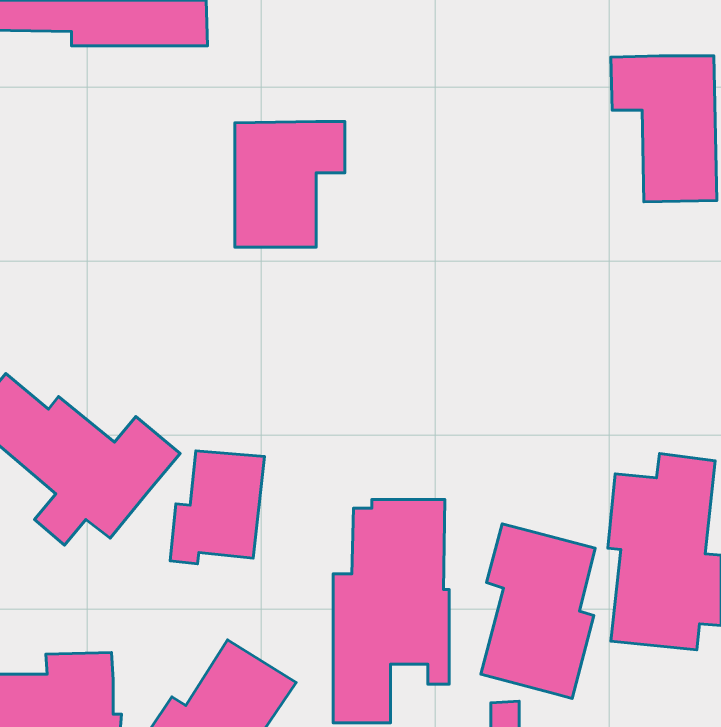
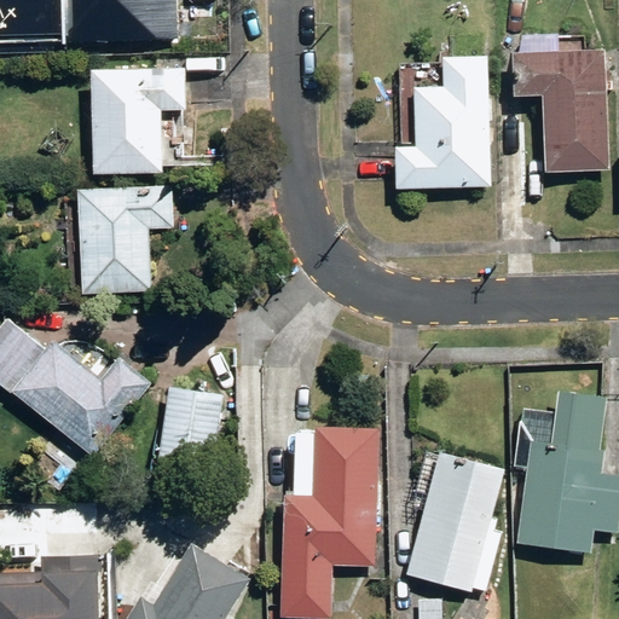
building: none -> [398,60,488,187]
building: [235,121,345,247] -> [93,66,186,173]
building: none -> [77,189,168,291]

